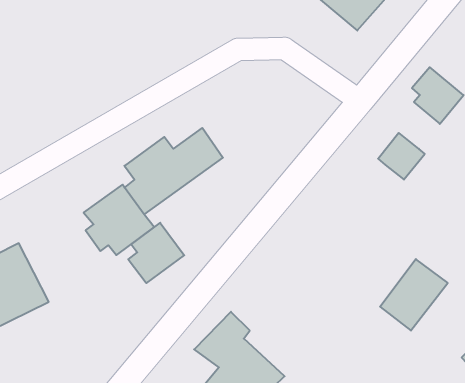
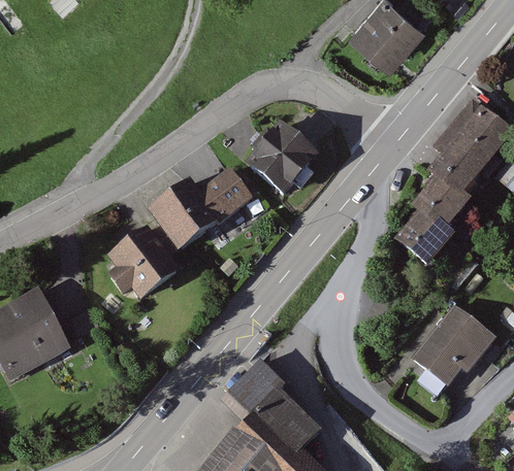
building: none -> [248,121,322,195]
building: none -> [428,142,478,191]
building: none -> [403,207,450,254]
building: [128,223,184,283] -> none

